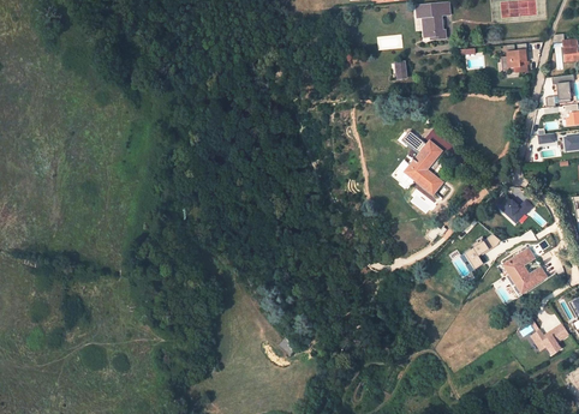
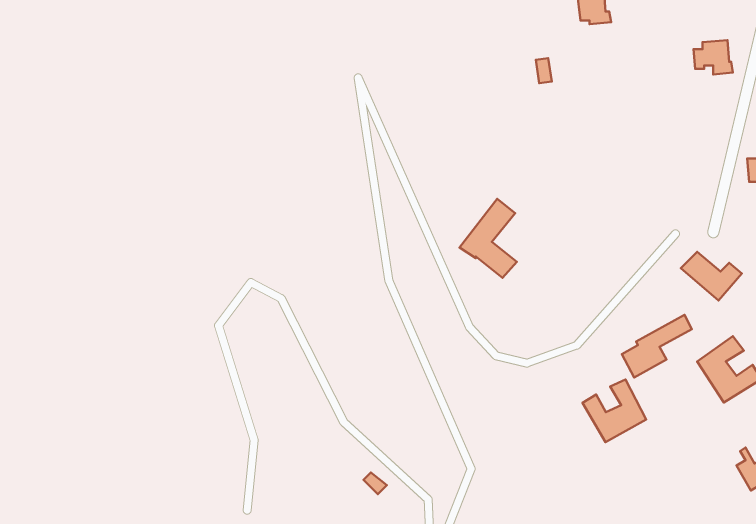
building: [404,142,442,194] -> [460,199,517,278]
building: none -> [583,379,646,442]

